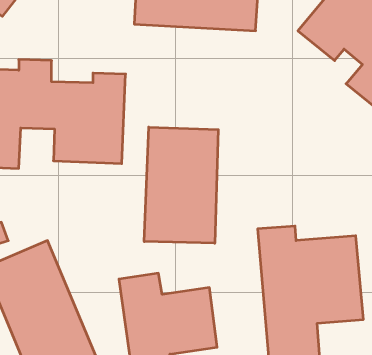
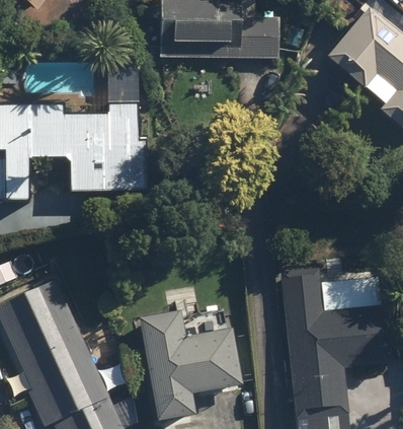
building: [144,127,218,243] -> none

